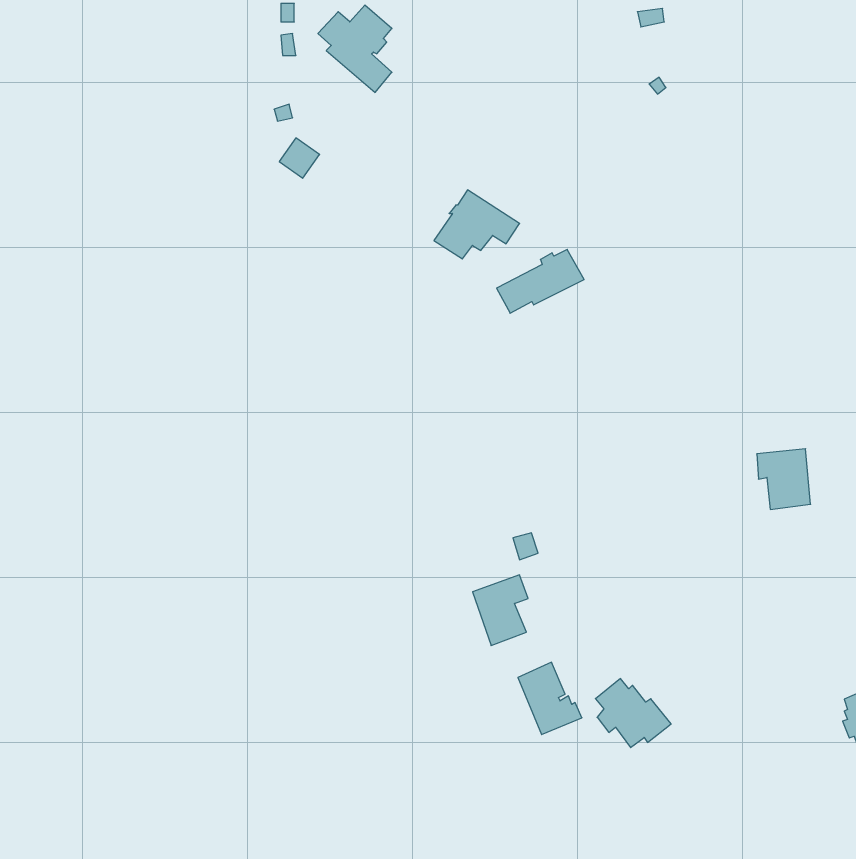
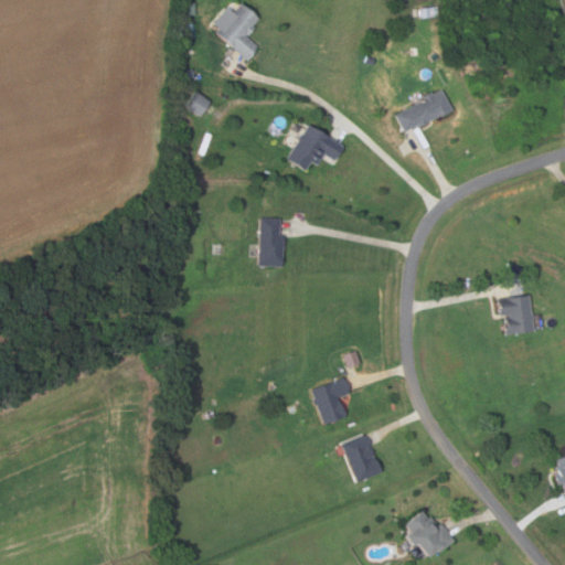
building: [497,249,584,313] -> [394,89,451,131]
building: none -> [258,216,286,266]
building: [595,679,671,748] -> [405,511,455,556]

